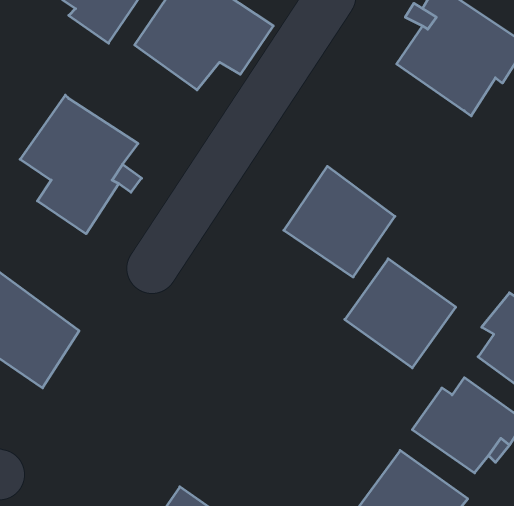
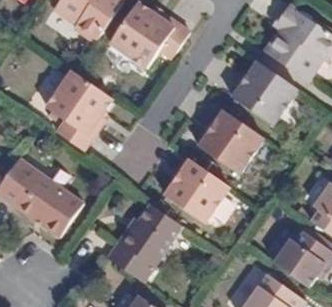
building: none -> [232,61,296,125]
building: [345,259,456,368] -> [164,159,228,222]
building: none -> [107,202,182,282]

